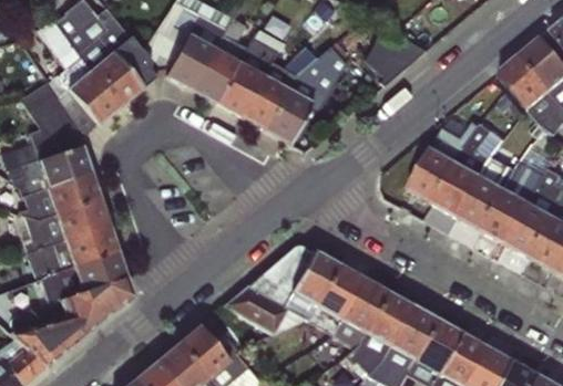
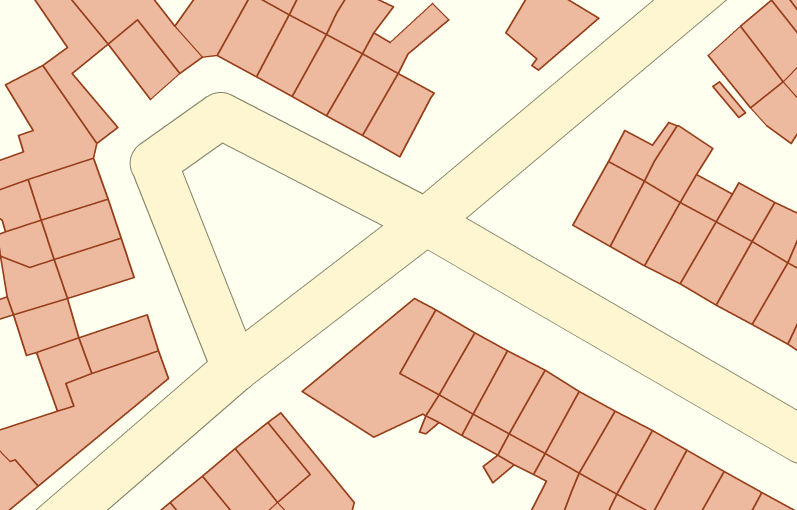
building: [290,45,350,109] -> none
building: [69,69,122,125] -> none
building: [65,227,120,268] -> none

